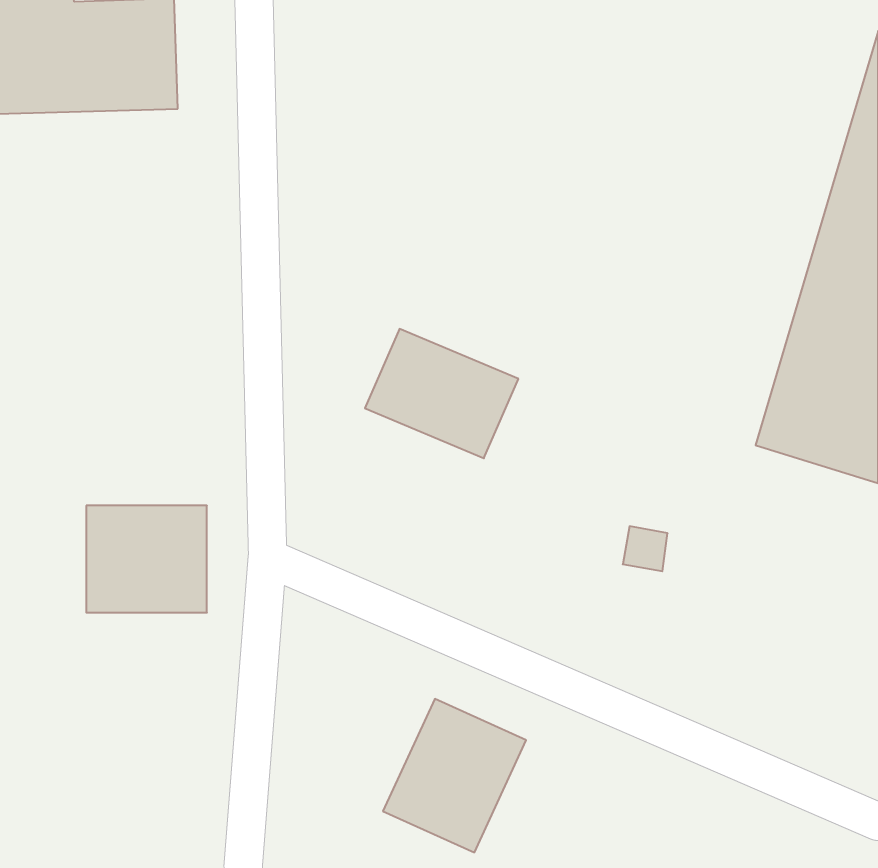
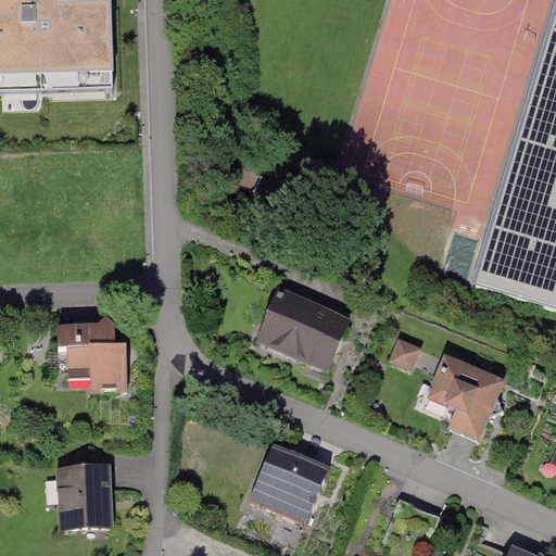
building: [365,329,518,458] -> [256,288,353,369]
building: none -> [422,356,505,435]
building: none -> [53,445,117,523]

